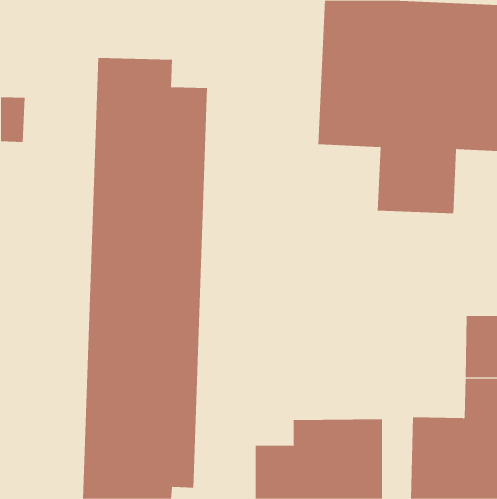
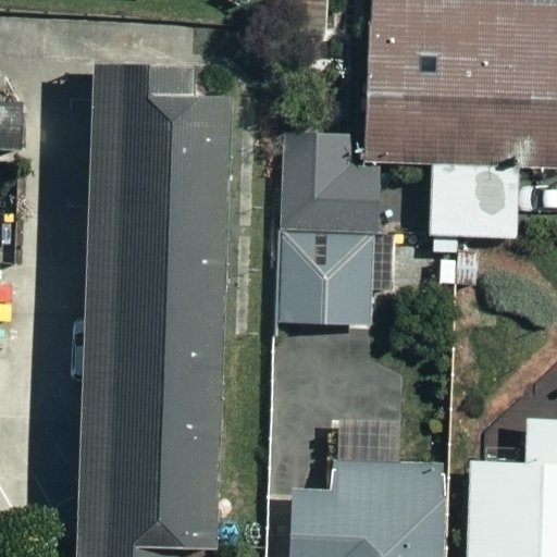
building: none -> [275,138,367,324]

